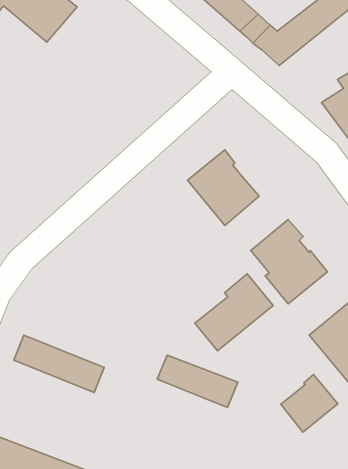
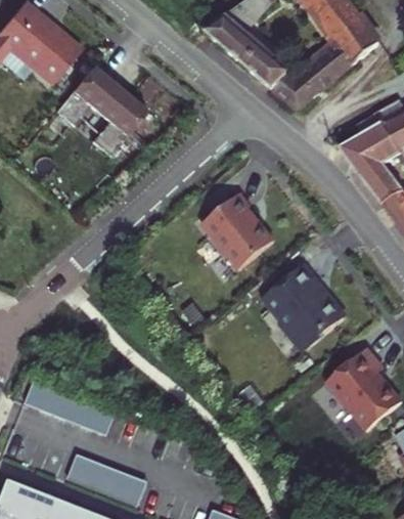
building: none -> [61,60,153,155]
building: [195,274,273,351] -> none
building: [157,355,238,407] -> [65,457,147,510]
building: [281,374,338,432] -> none

